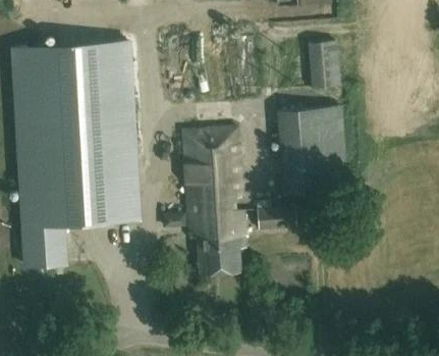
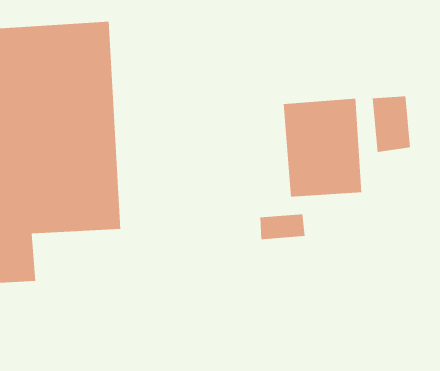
building: [307,40,340,89] -> [372,96,411,152]
building: [182,128,245,273] -> none

